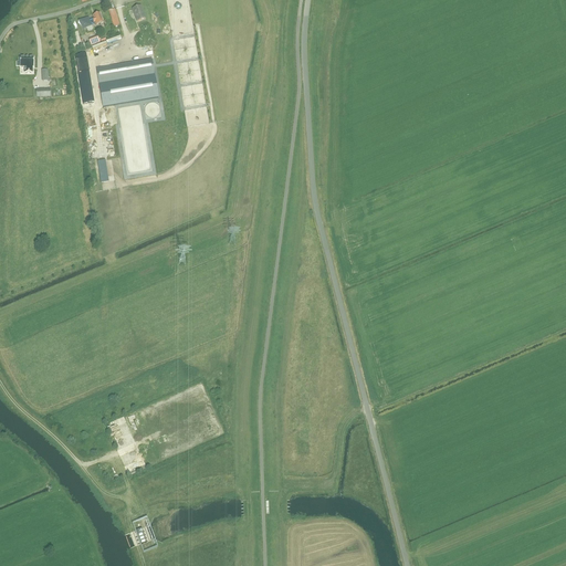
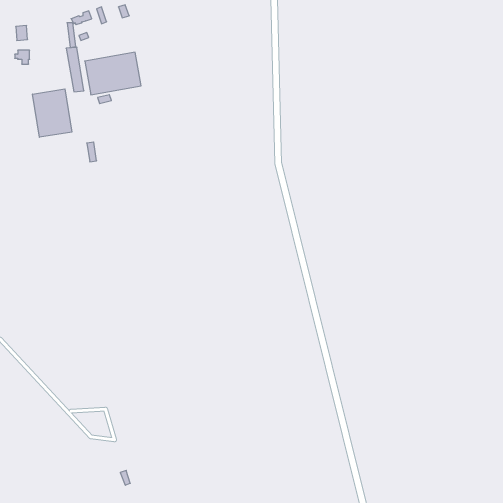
building: none -> [33,89,72,137]

